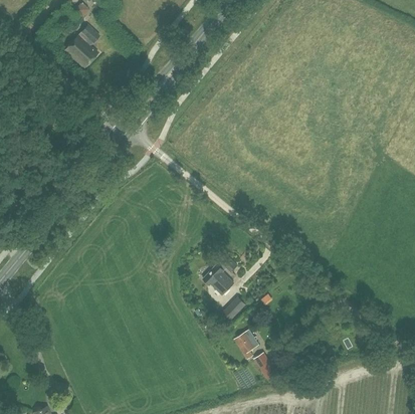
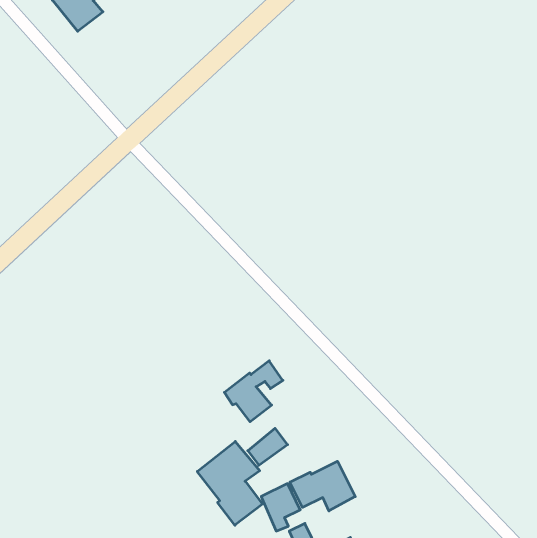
building: none -> [197,441,262,525]
building: none -> [290,461,355,511]

